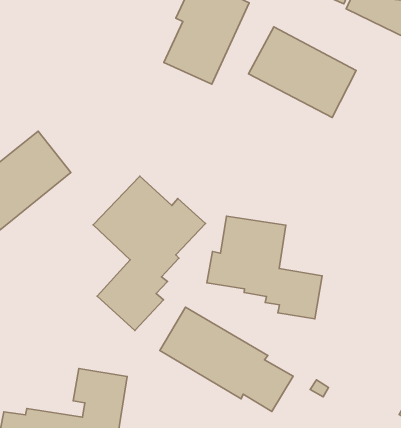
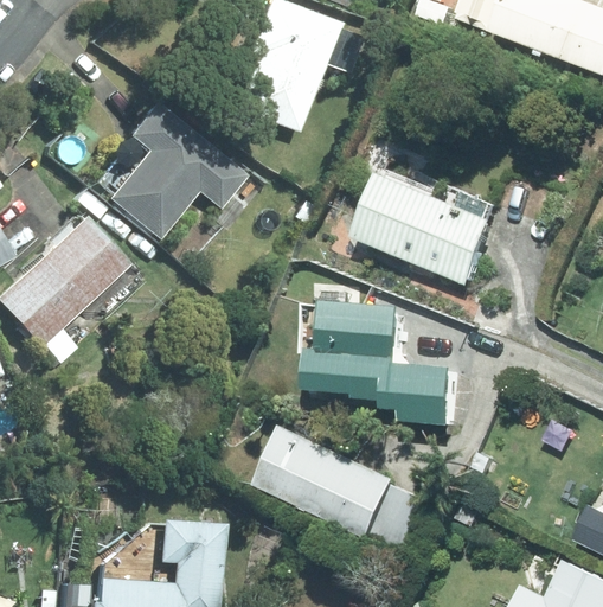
building: [248,27,356,118] -> [363,175,502,287]
building: none -> [104,101,246,239]
building: [93,176,205,330] -> none

